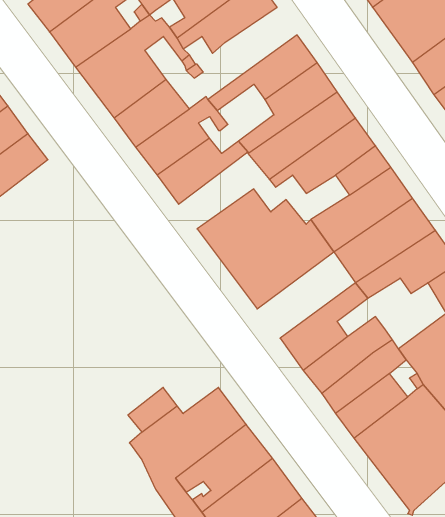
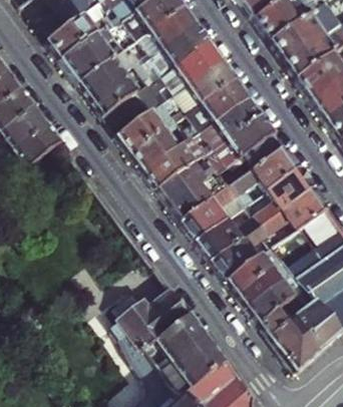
building: none -> [160,41,223,101]
building: none -> [145,135,205,185]
building: none -> [197,200,261,257]

